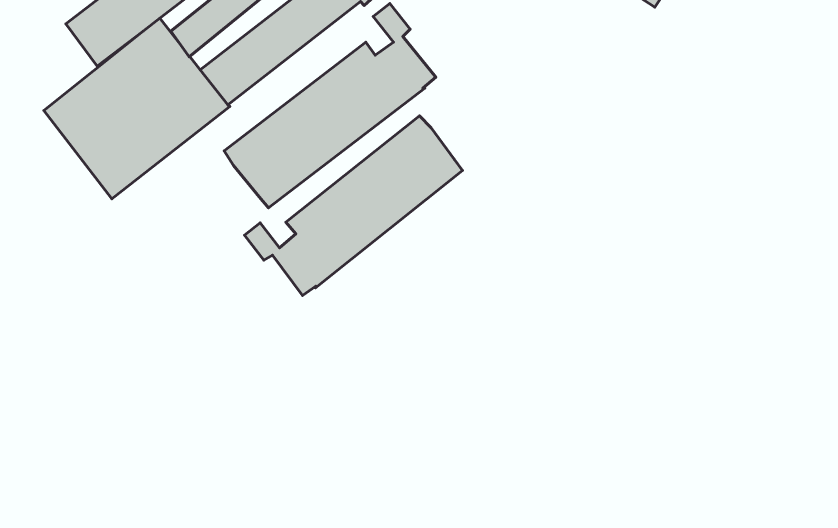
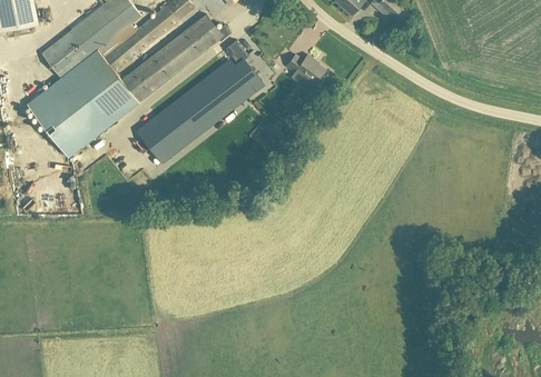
building: none -> [287,54,327,85]
building: [244,116,462,296] -> none

